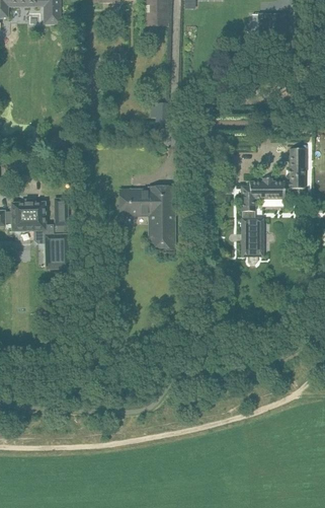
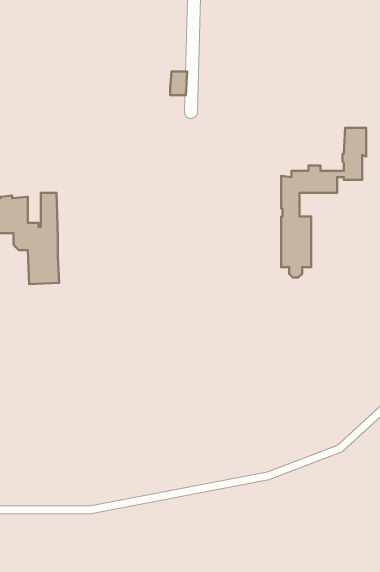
building: [119,186,174,245] -> none

